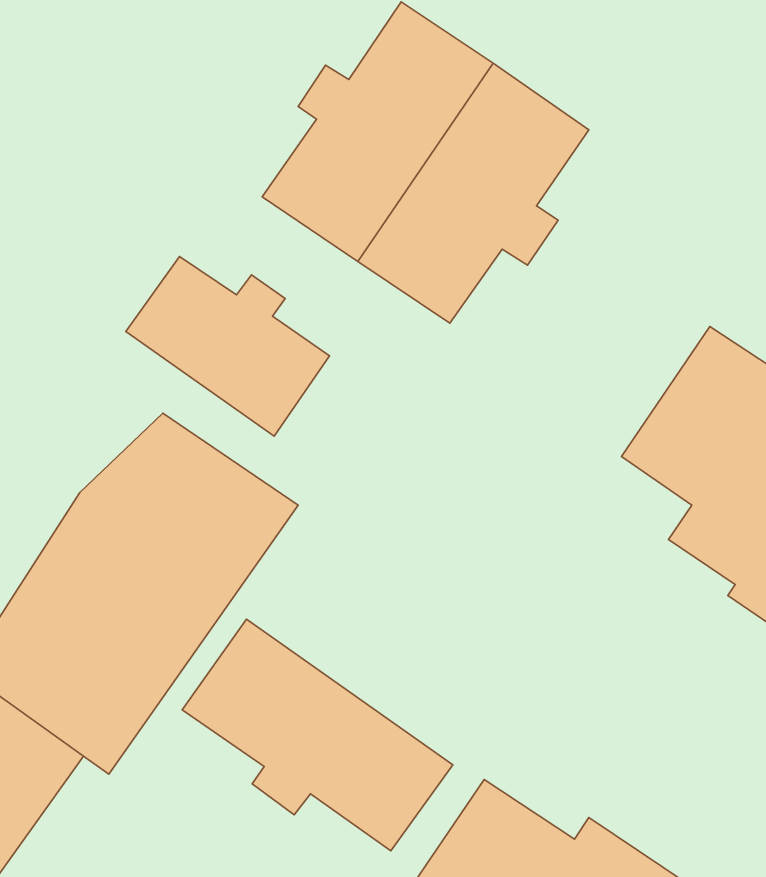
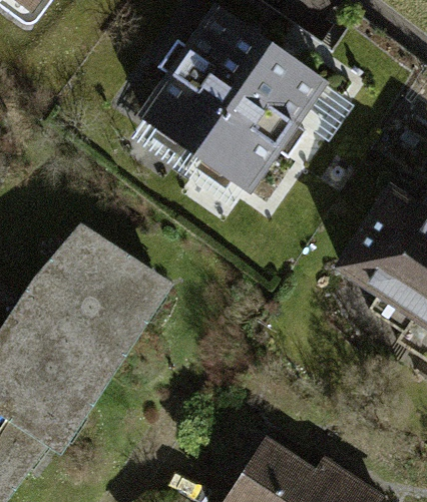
building: [126,257,330,436] -> none
building: [182,619,453,851] -> none

